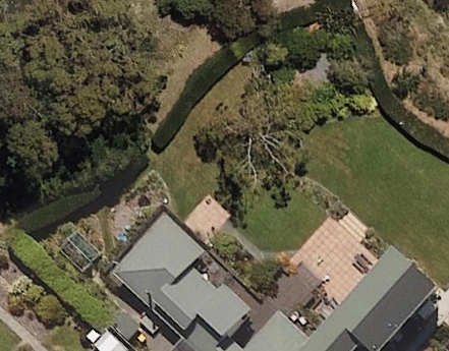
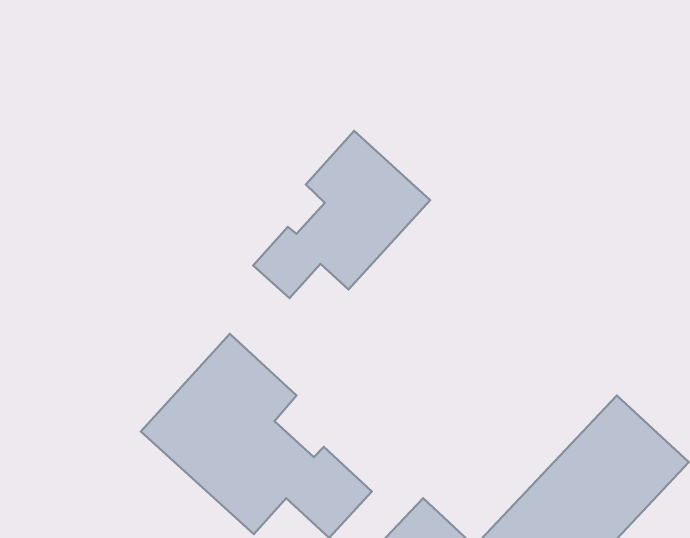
building: none -> [253,131,430,298]

